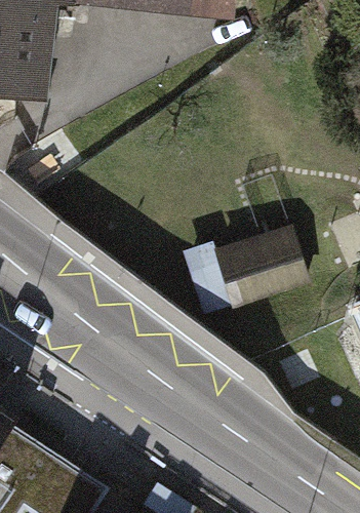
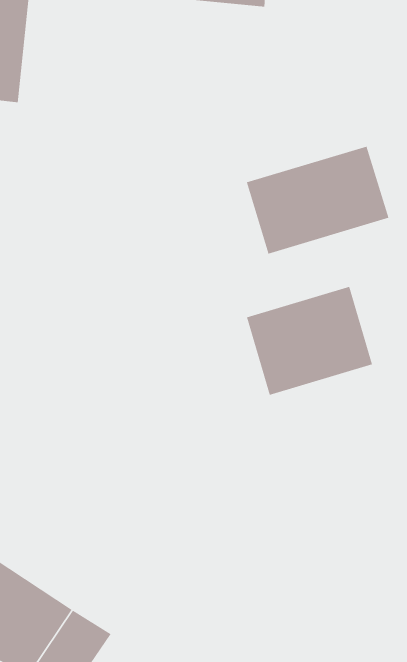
building: none -> [246,146,389,254]

